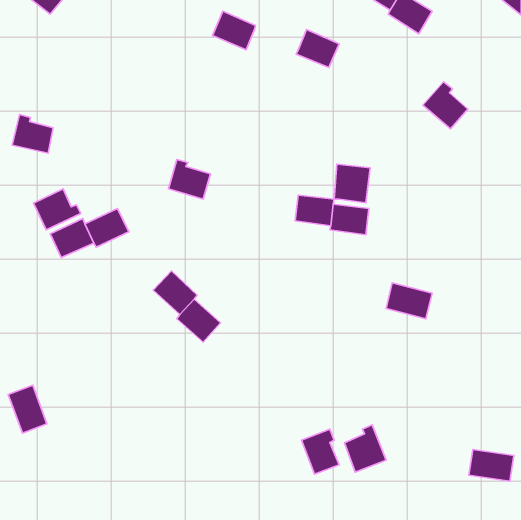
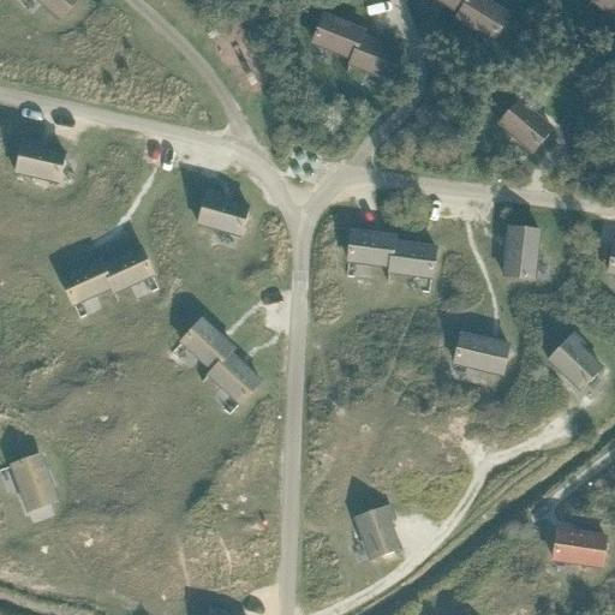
building: [213,11,255,50] -> [311,13,362,59]
building: [334,164,370,203] -> none
building: [34,189,81,230] -> none
building: none -> [502,227,538,277]
building: none -> [549,334,601,389]
building: [344,425,386,472] -> none

